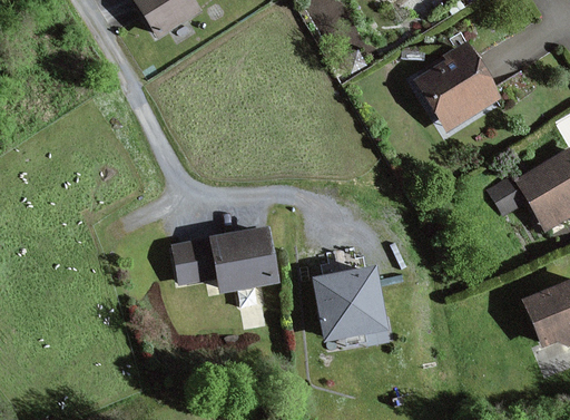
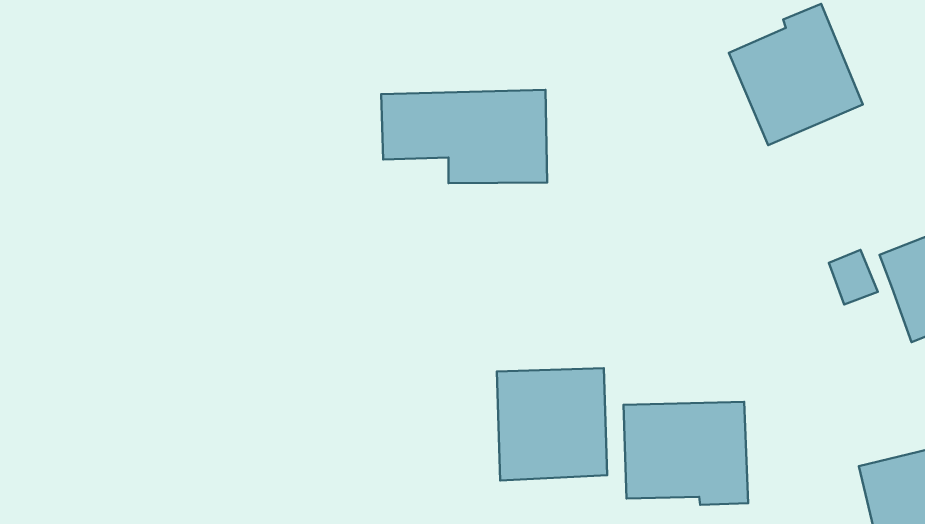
building: [174,229,275,291] -> [381,90,547,183]
building: none -> [623,402,748,505]

